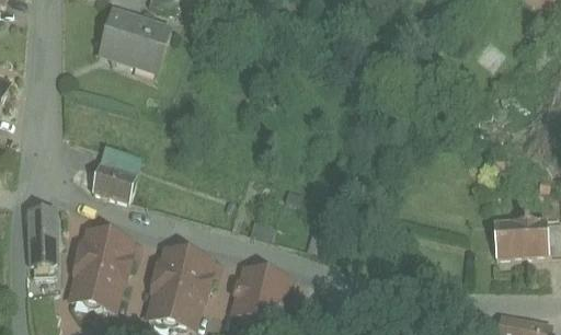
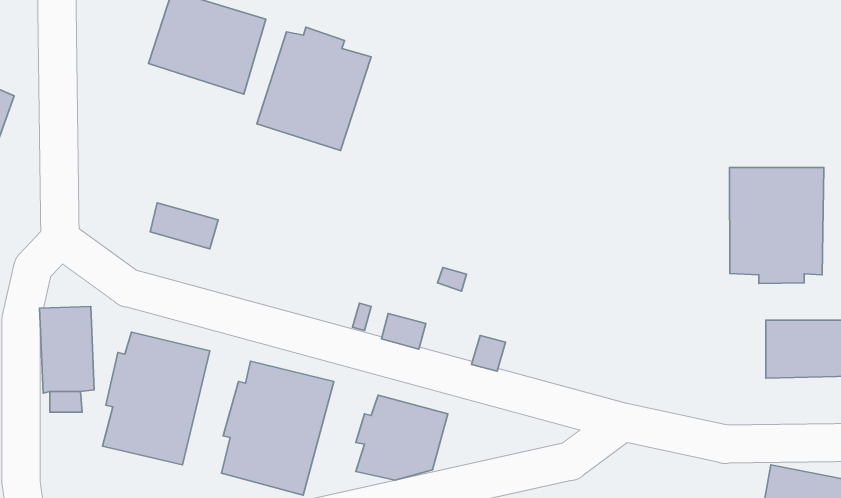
building: none -> [257,27,371,151]
building: none -> [730,168,824,284]
building: [90,161,136,199] -> none

